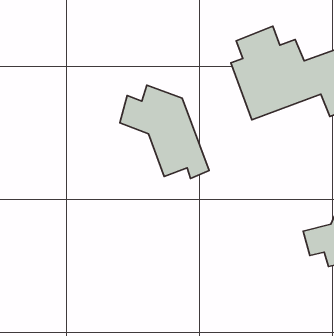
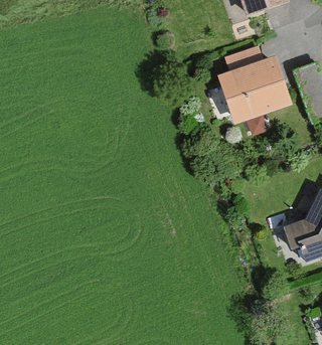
building: [120,85,209,179] -> none

